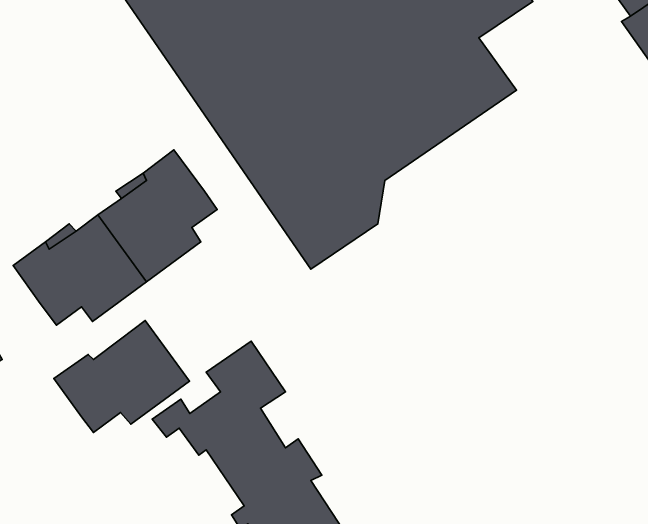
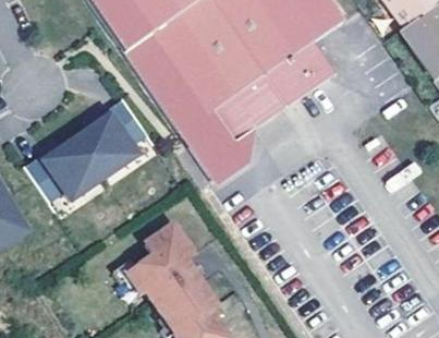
building: [54,320,190,433] -> none

